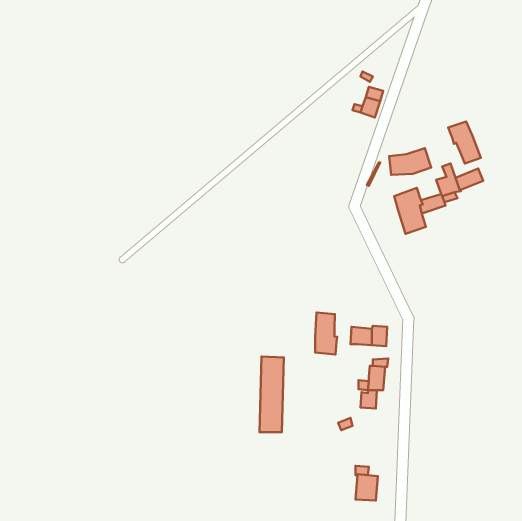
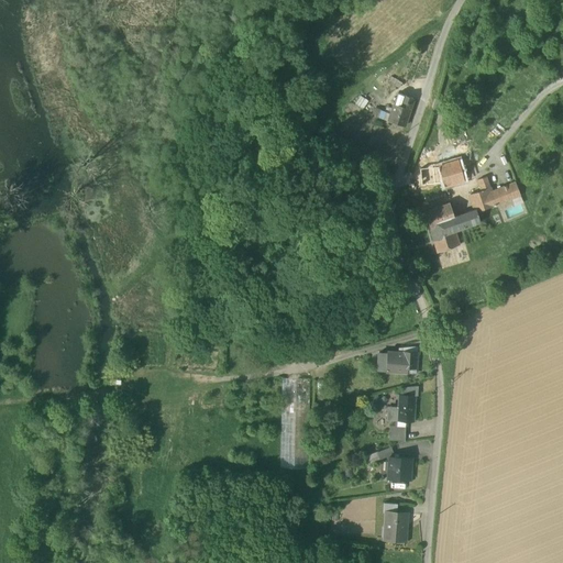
building: [448,121,481,163] -> none
building: [315,313,337,354] -> none
building: none -> [387,456,410,479]

